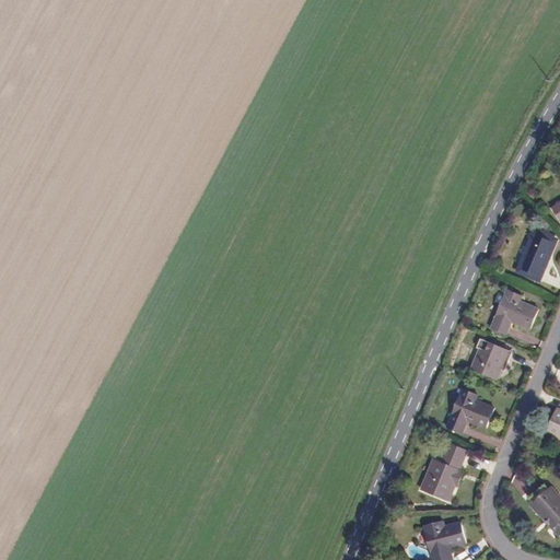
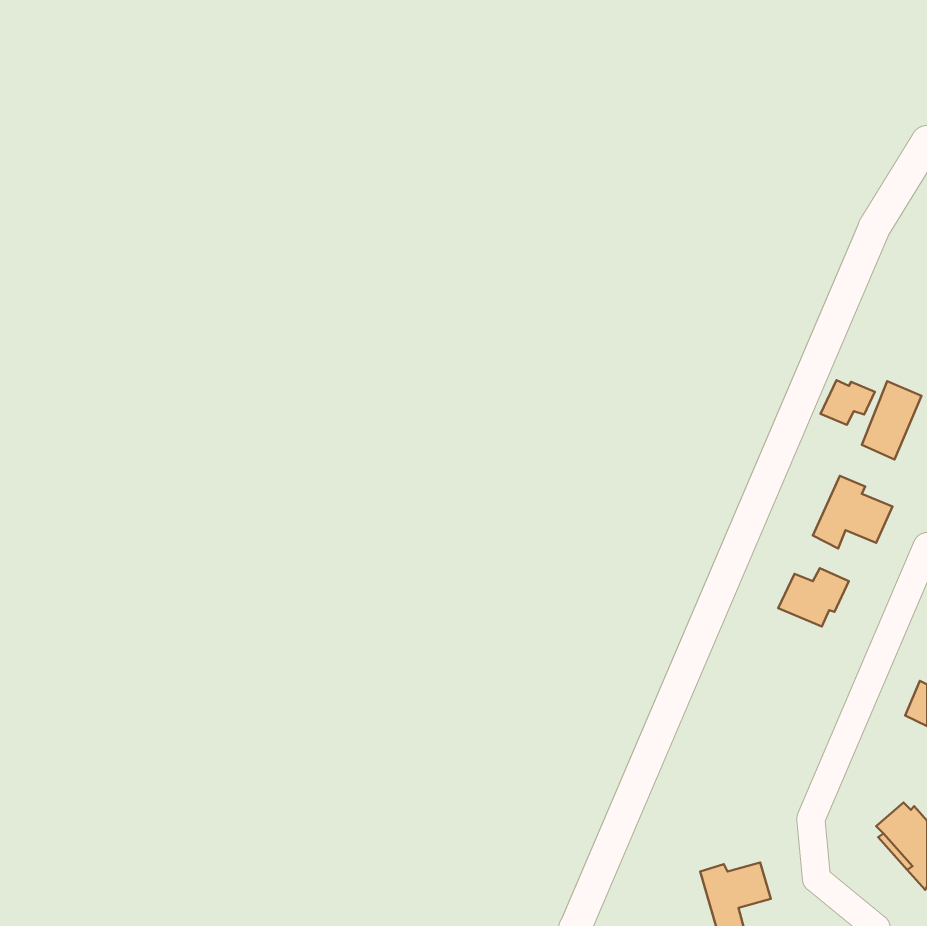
building: none -> [821,380,875,425]
building: [446,388,495,433] -> none
building: [420,442,467,500] -> none

